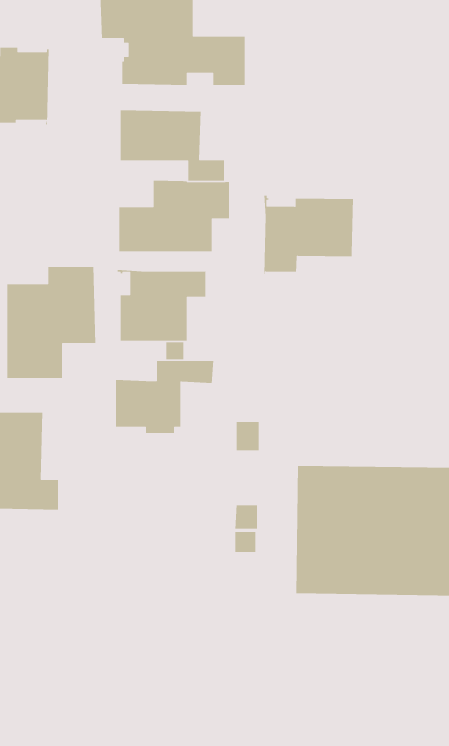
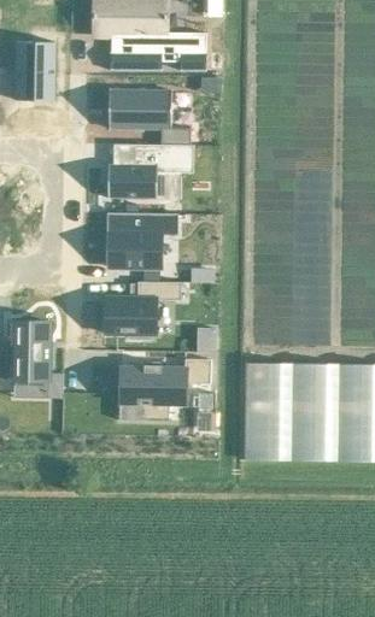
building: [264,195,354,275] -> none
building: [7,266,96,379] -> none
building: none -> [121,358,210,418]

